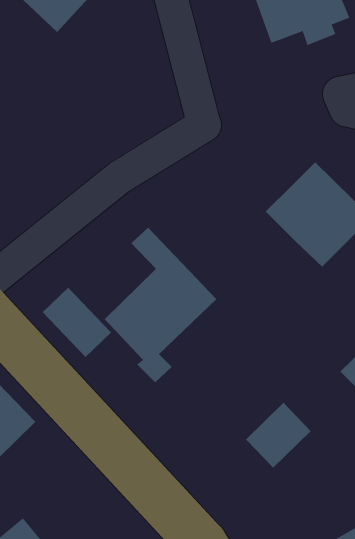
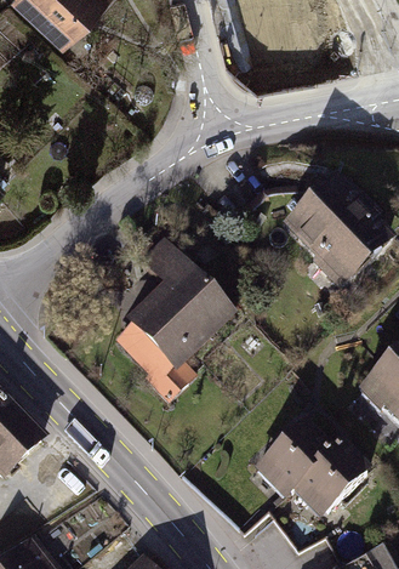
building: [42,287,112,358] -> none
building: none -> [297,442,367,511]

